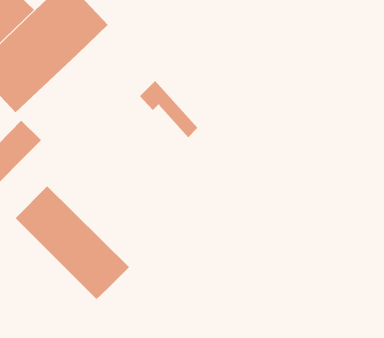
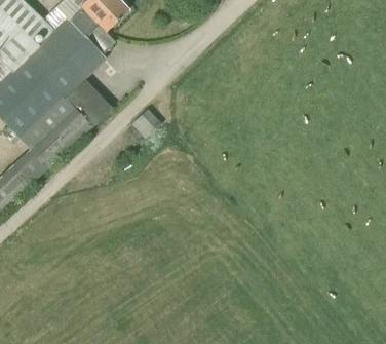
building: none -> [23,81,113,165]
building: [15,186,130,300] -> none

